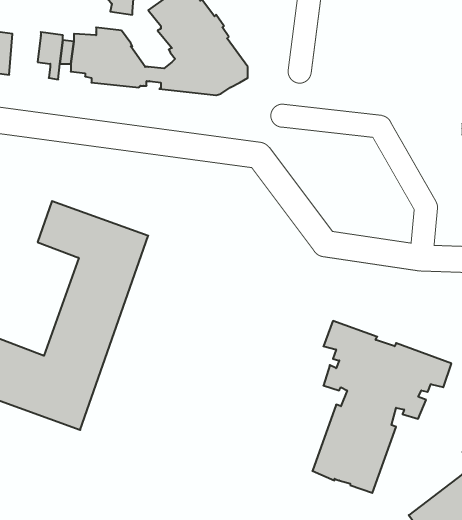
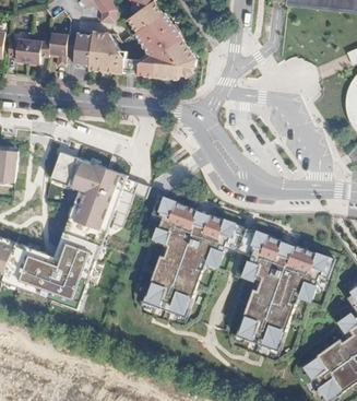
building: none -> [29,34,51,63]
building: none -> [145,198,241,318]

